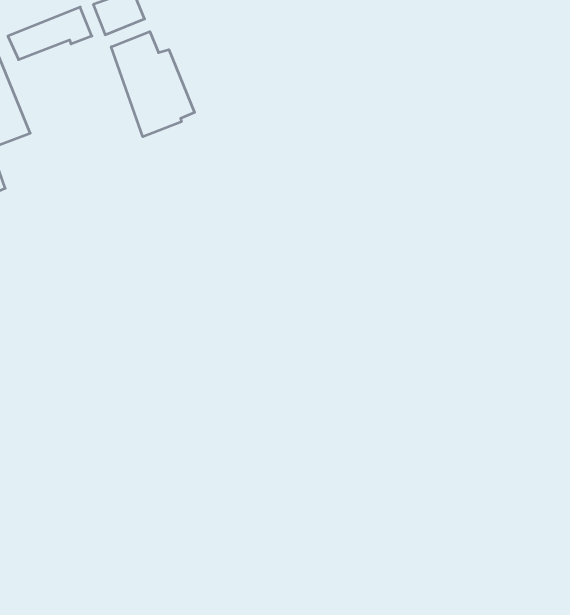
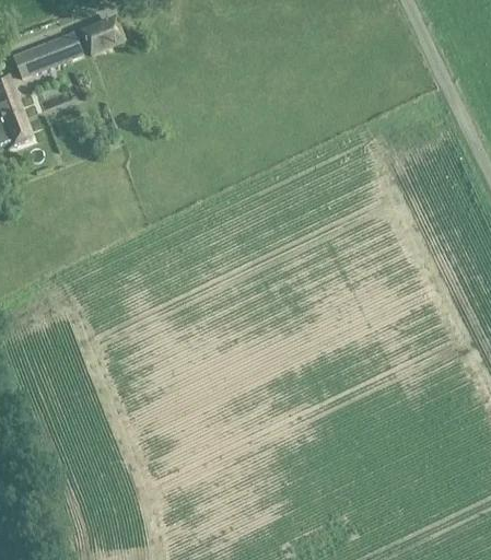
building: [111,32,195,137] -> none

